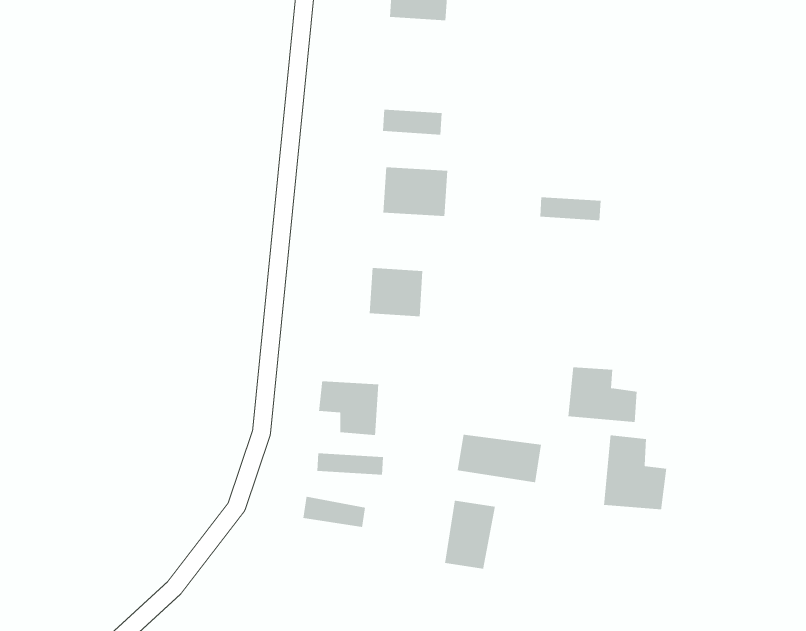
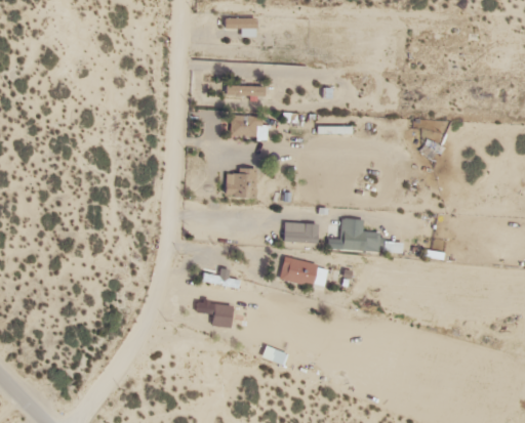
building: none -> [283,224,317,245]
building: [319,381,379,436] -> none
building: [604,434,667,510] -> none
building: [444,500,495,569] -> none

